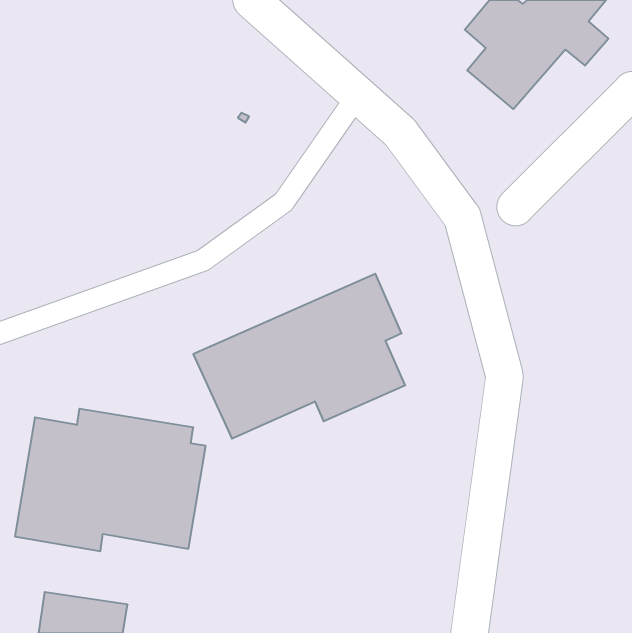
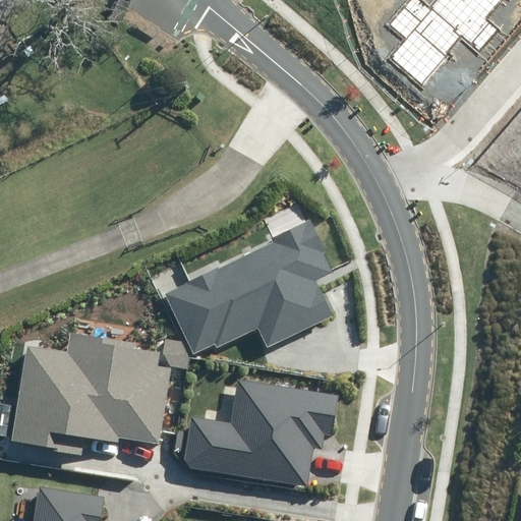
building: none -> [184,381,338,486]

